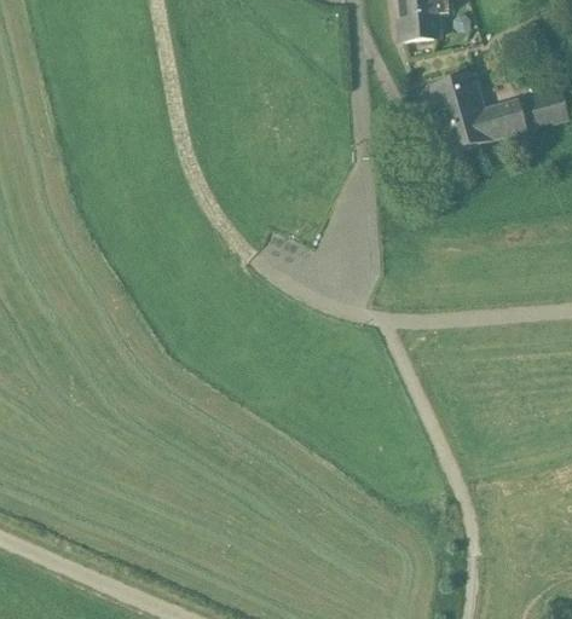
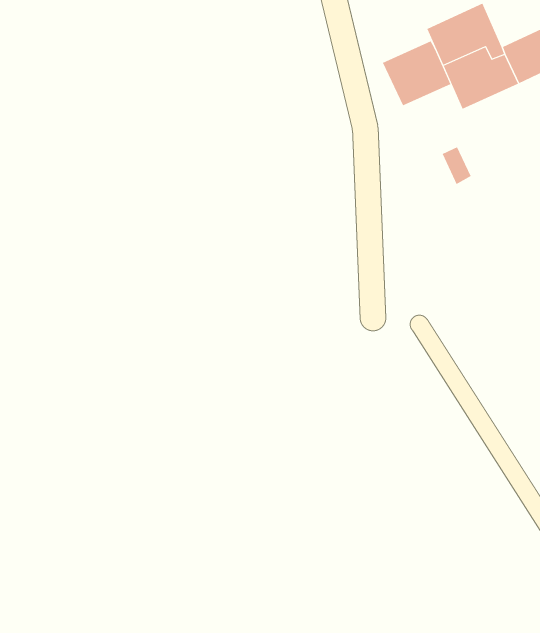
building: none -> [382,41,451,106]

